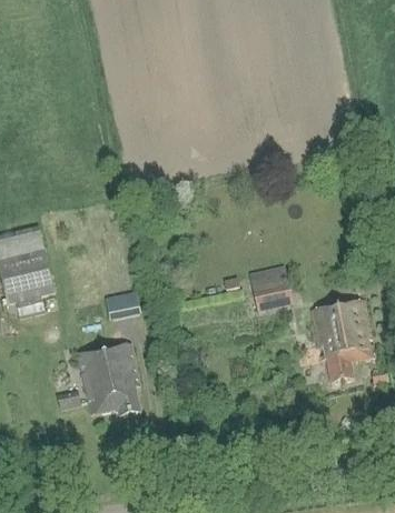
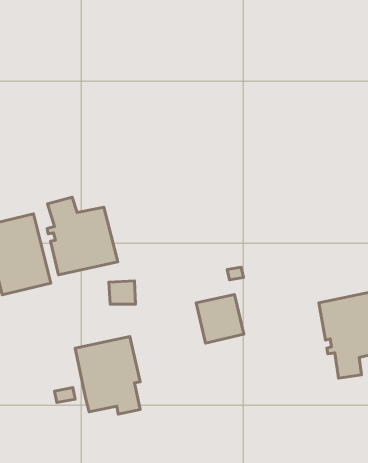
building: none -> [47,197,118,275]
building: [248,264,294,311] -> [196,295,244,343]

